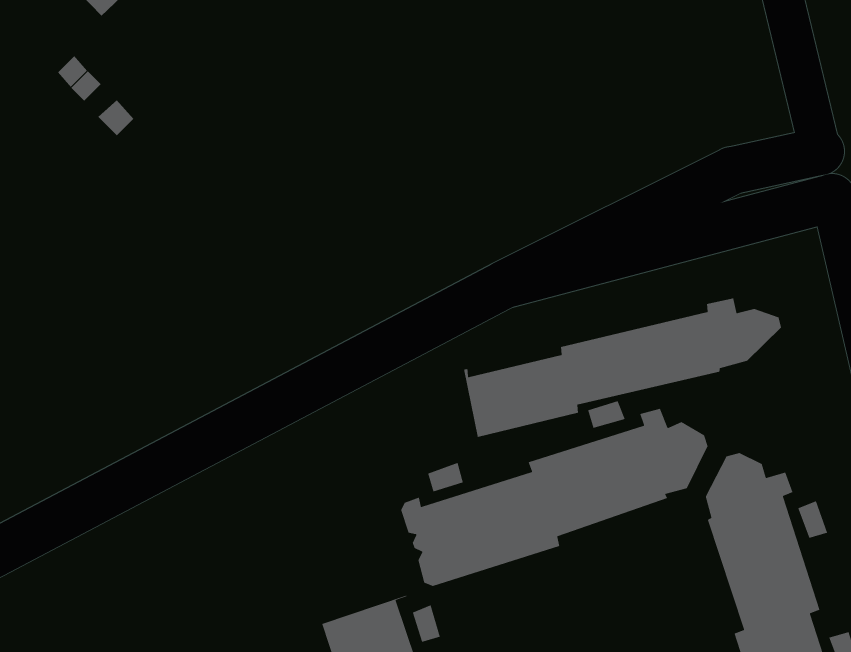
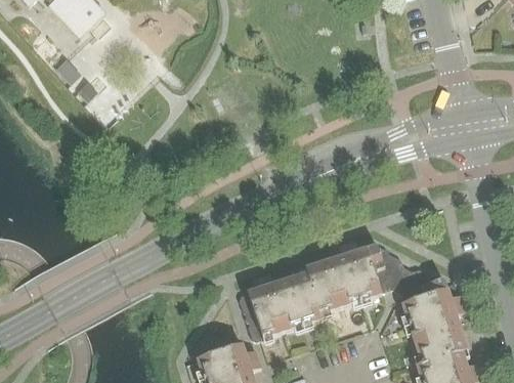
building: [463,297,782,438] -> none

